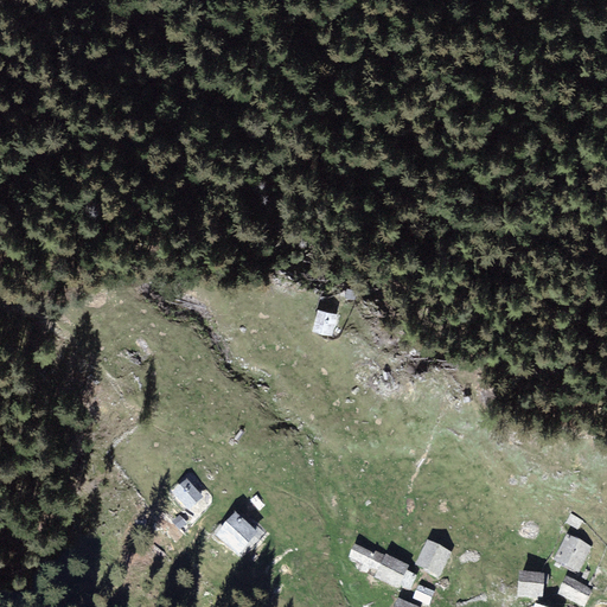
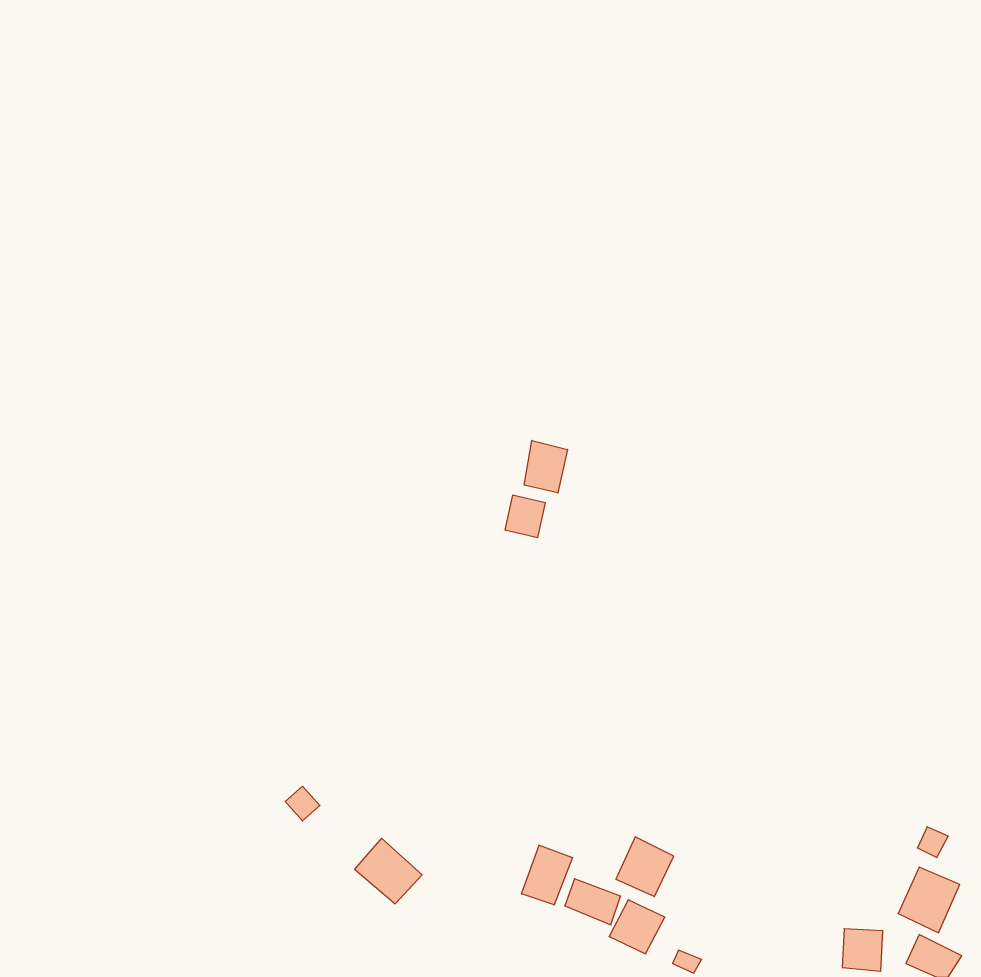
building: none -> [524,440,568,493]
building: none -> [522,845,572,905]
building: [415,539,451,576] -> [616,837,674,897]

